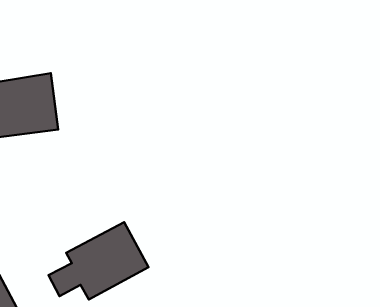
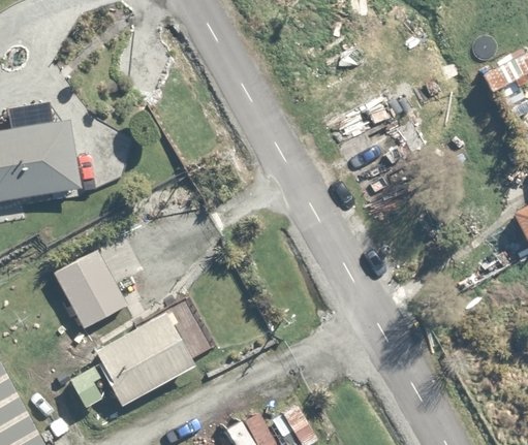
building: none -> [52,234,146,330]

